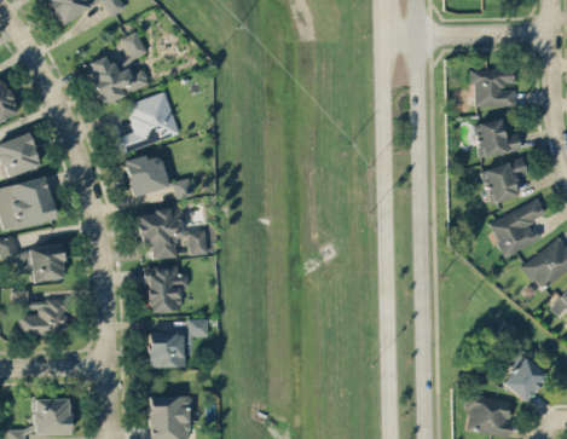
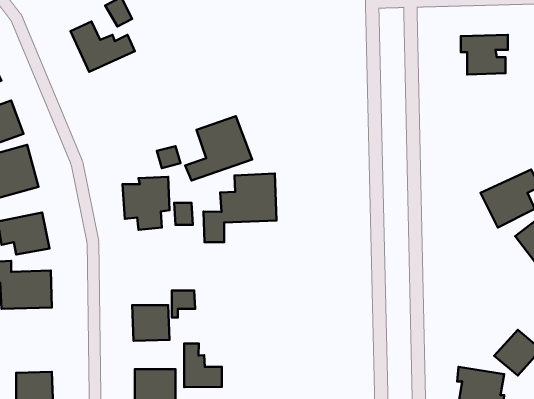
building: [115,91,180,154] -> [185,116,252,180]
building: [475,119,521,156] -> none
building: [125,154,168,196] -> none
building: [482,157,528,203] -> none
building: none -> [203,173,277,242]
building: [147,267,189,313] -> none
building: none -> [184,344,222,387]

